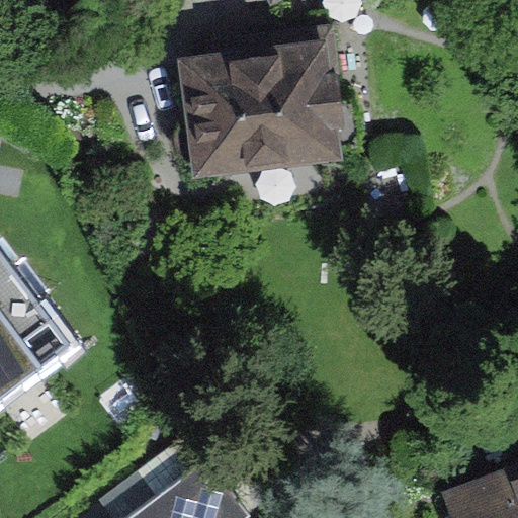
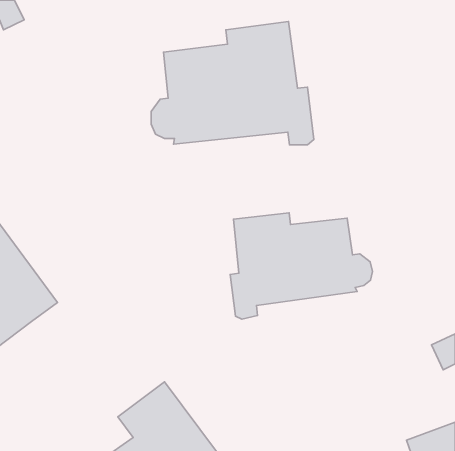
building: none -> [230,213,373,319]

